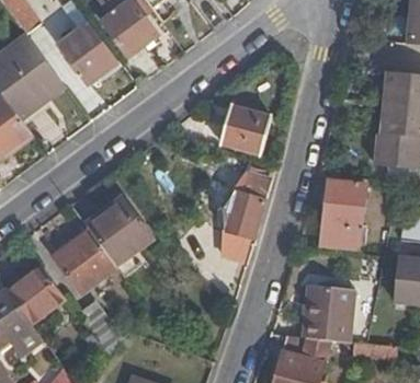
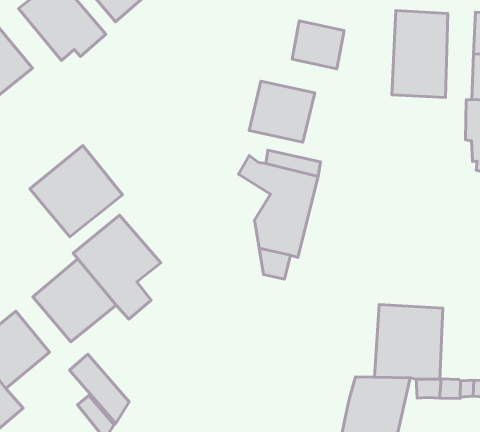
building: none -> [292,21,344,69]
building: none -> [30,145,122,237]
building: [321,177,366,244] -> [392,11,448,98]

